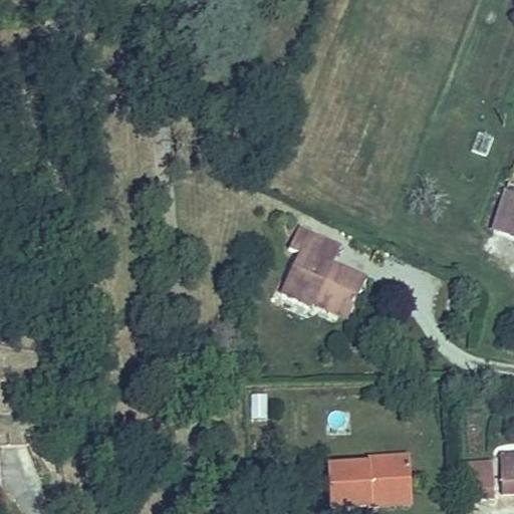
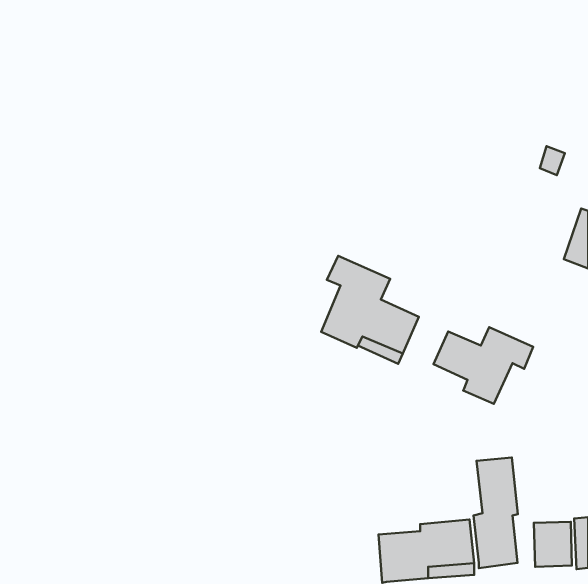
building: none -> [433,327,533,404]
building: none -> [474,458,518,568]

